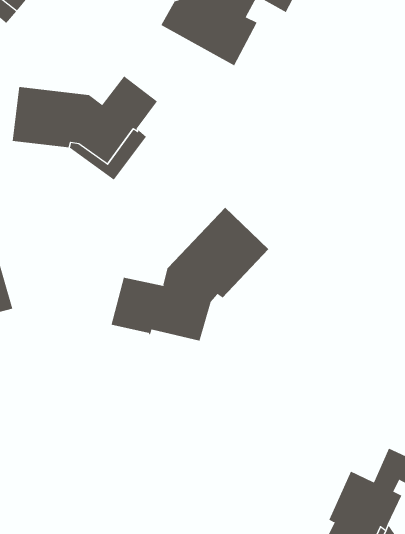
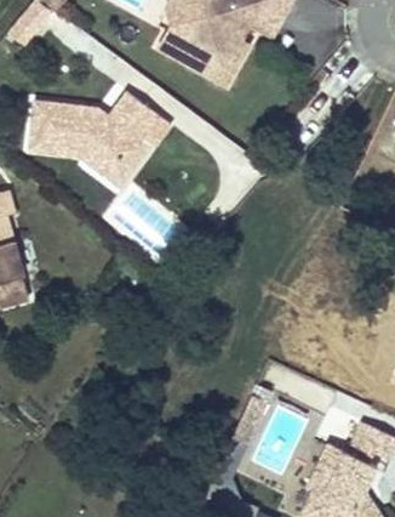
building: [111,207,269,342] -> none

